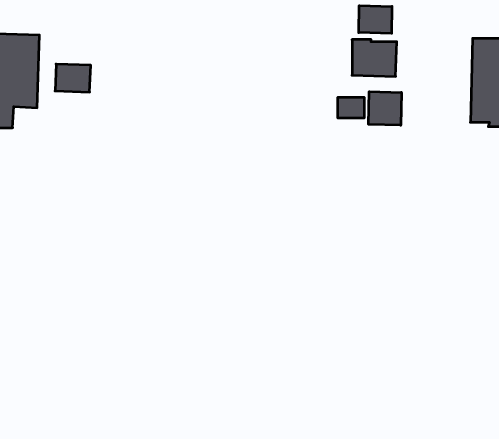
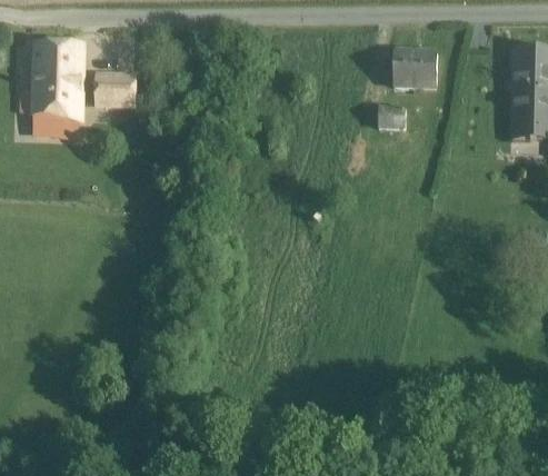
building: [359,6,392,33] -> none
building: [369,92,401,125] -> none

